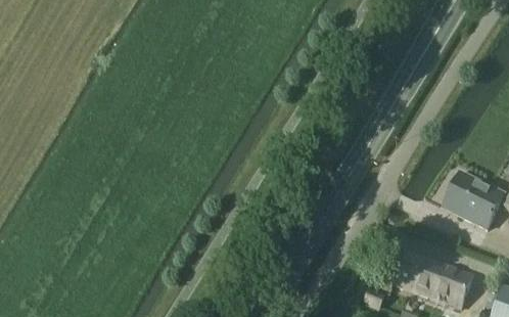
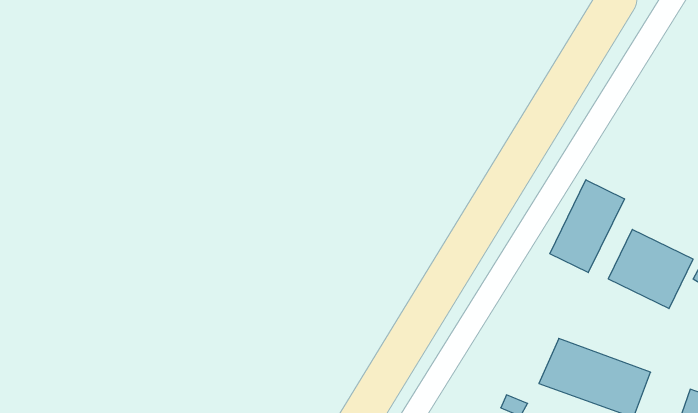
building: none -> [550,180,624,273]

